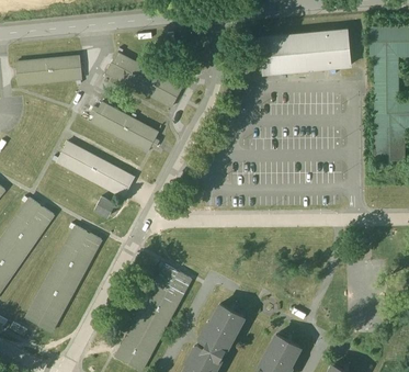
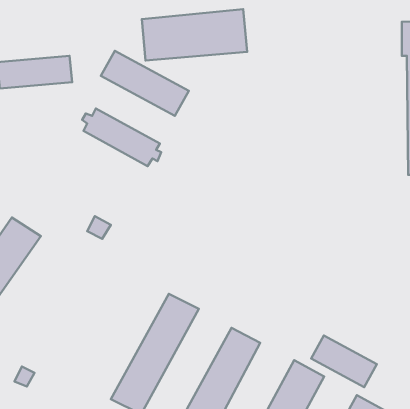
building: [260,29,352,74] -> [142,9,247,61]
building: [58,140,130,194] -> none
building: [26,225,102,331] -> none
building: none -> [311,336,377,387]

